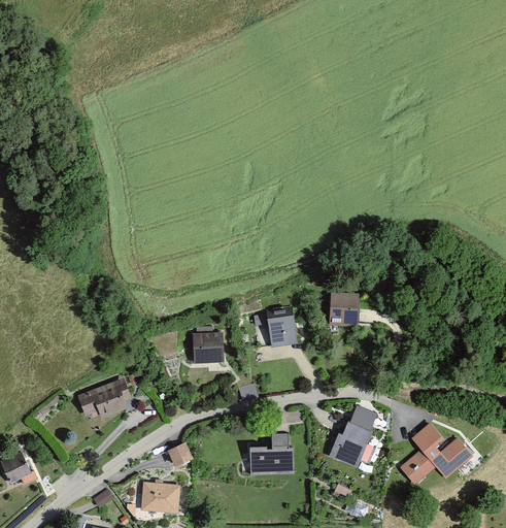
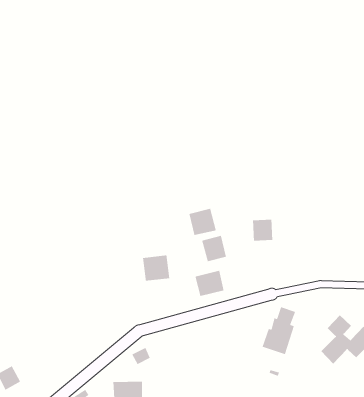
building: none -> [189,208,217,236]
building: none -> [195,270,224,297]
building: [78,382,128,417] -> none
building: [250,435,293,474] -> none

